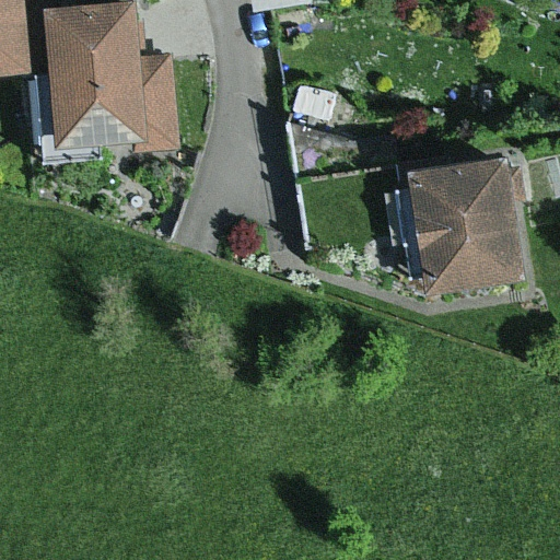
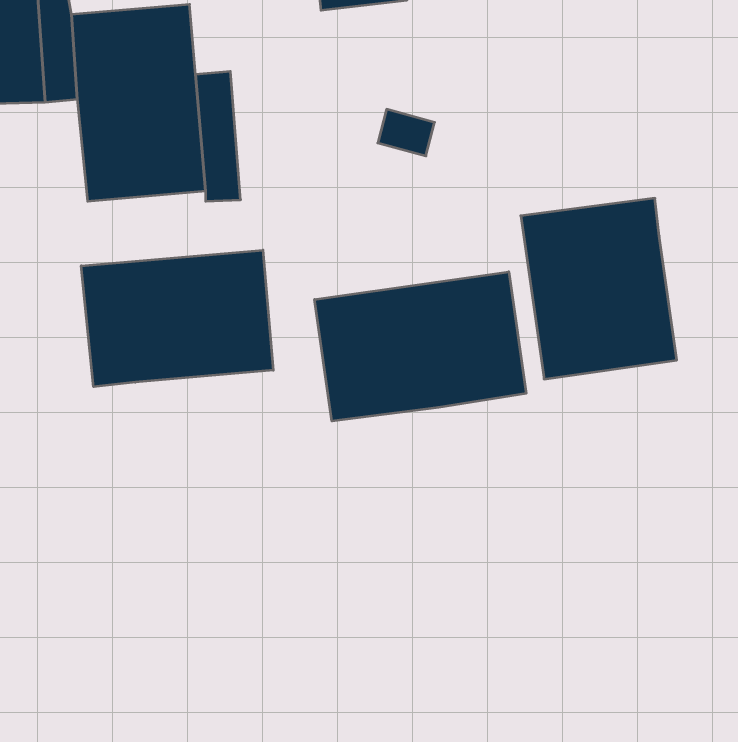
building: none -> [81,250,273,387]
building: none -> [315,272,526,421]

